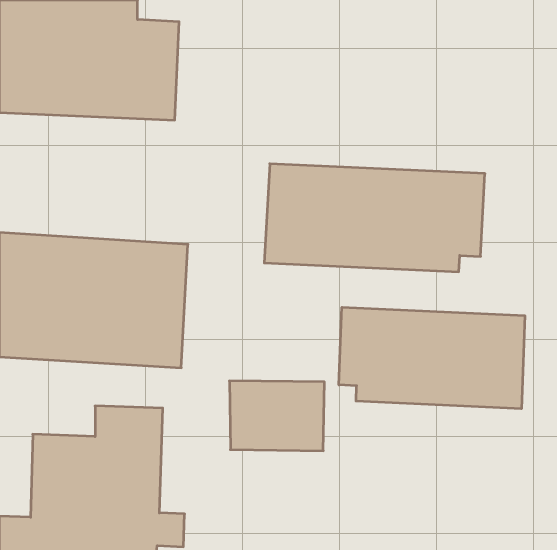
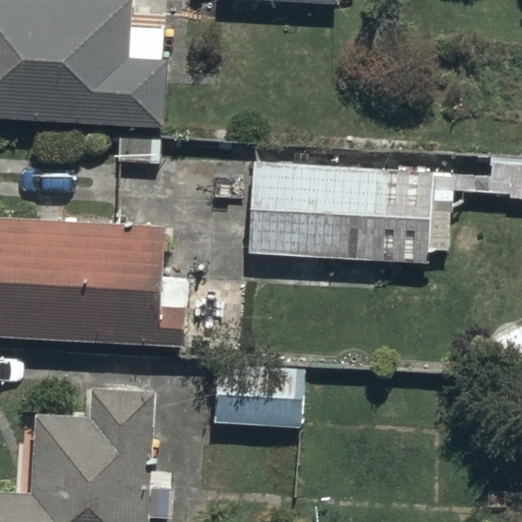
building: [339,307,525,409] -> none

